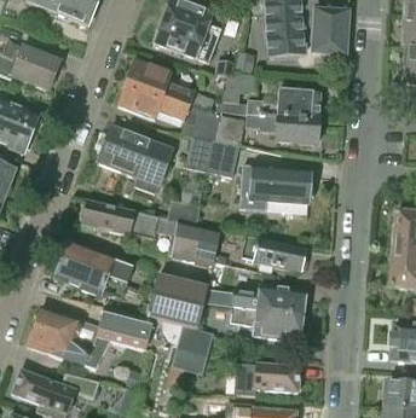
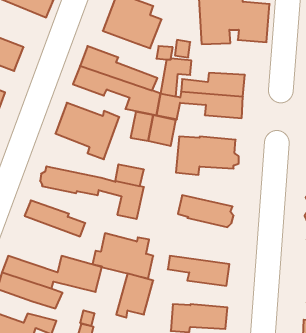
building: [192,225,220,266] -> none
building: [53,259,126,297] -> none
building: [231,284,305,315] -> none

